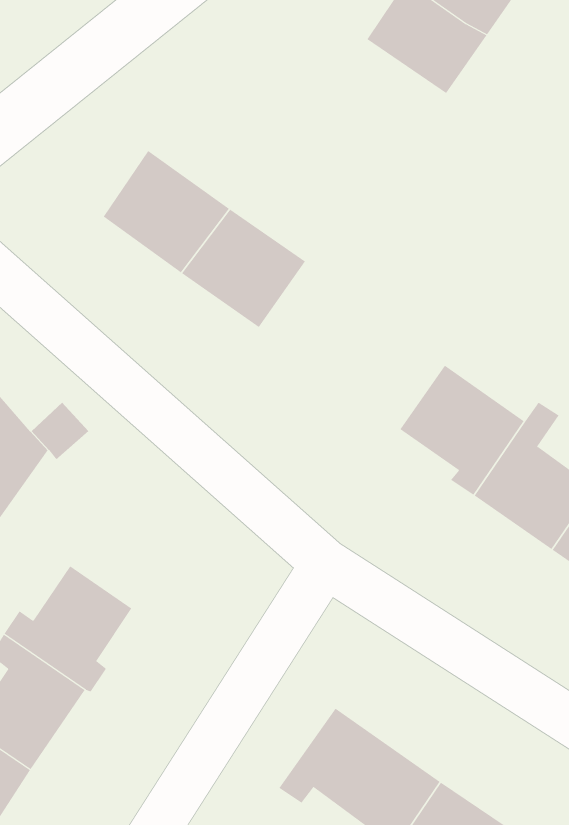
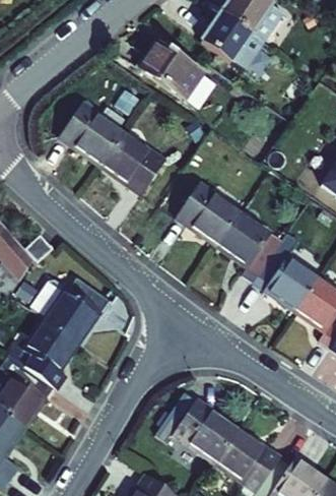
building: none -> [139,43,199,98]
building: none -> [177,183,241,246]
building: none -> [29,277,113,339]

